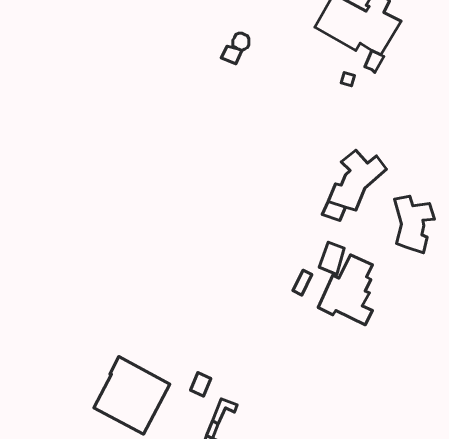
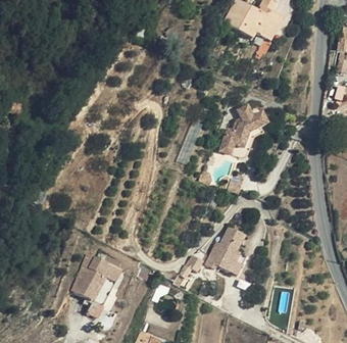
building: [395,196,435,253] -> none
building: [318,255,372,325] -> [204,226,242,275]

